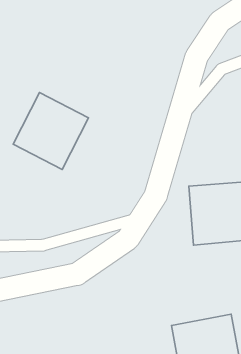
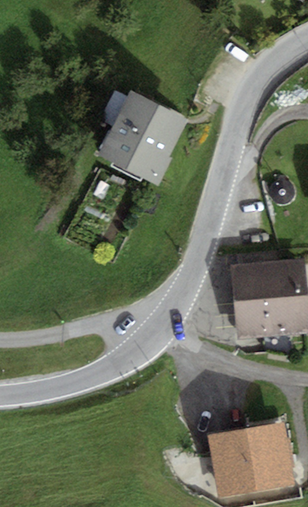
building: [13,93,89,170] -> [91,87,183,181]

